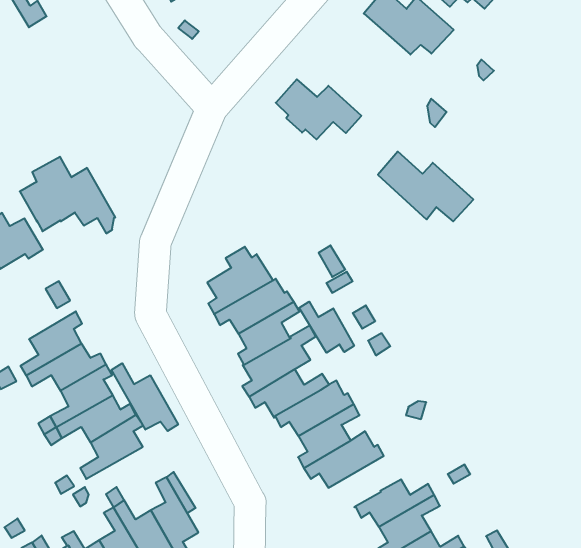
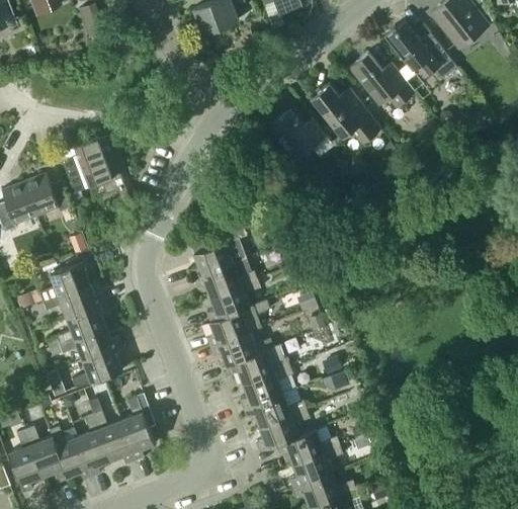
building: [378,152,473,221] -> [311,82,380,143]
building: [299,302,354,353] -> none
building: [112,363,178,431] -> none
building: none -> [256,409,309,451]

